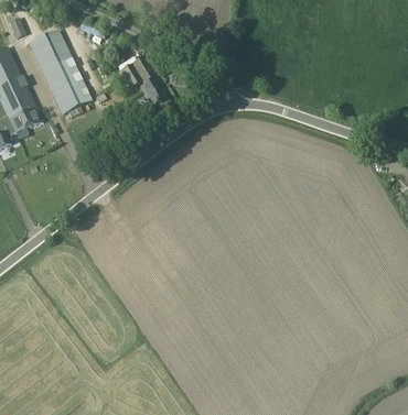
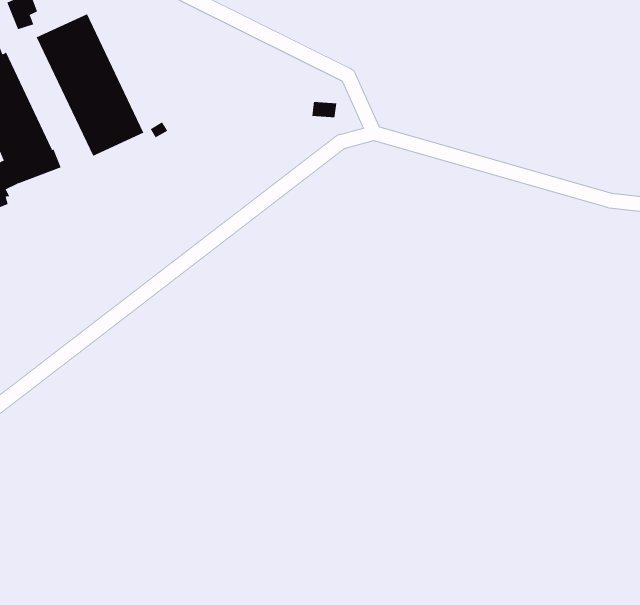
building: [121,56,165,102] -> none

